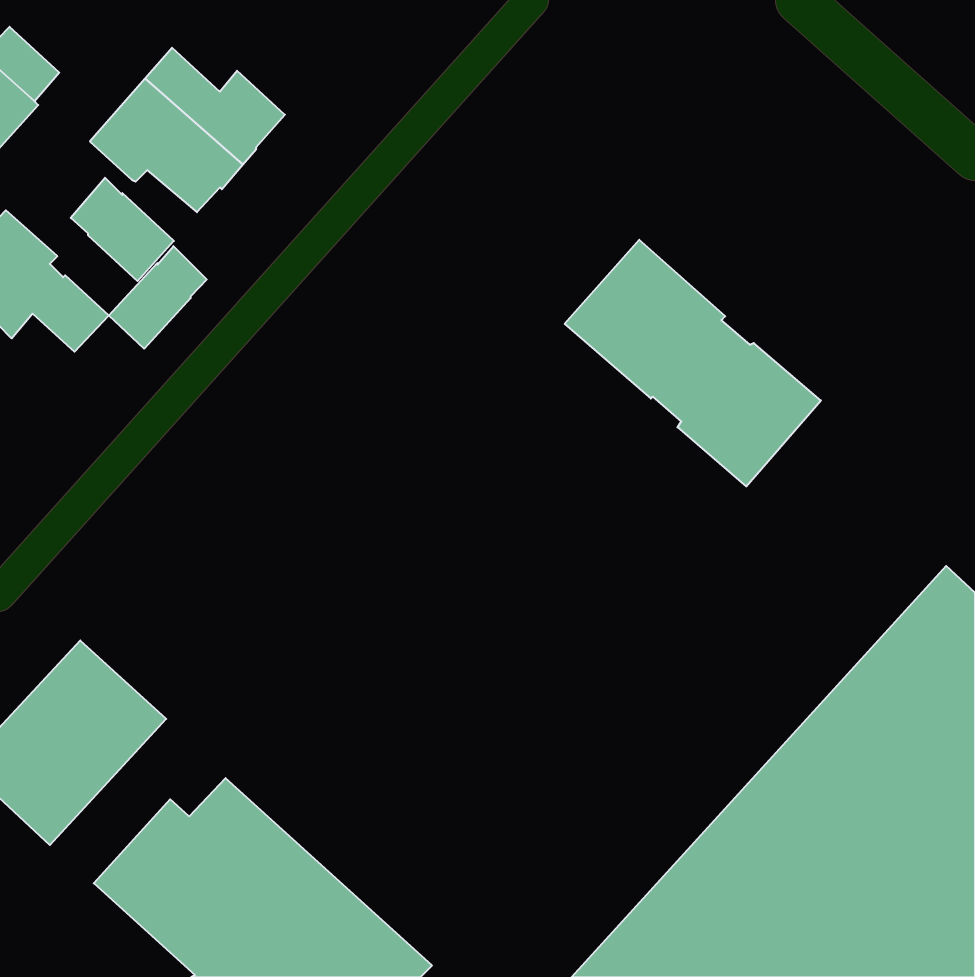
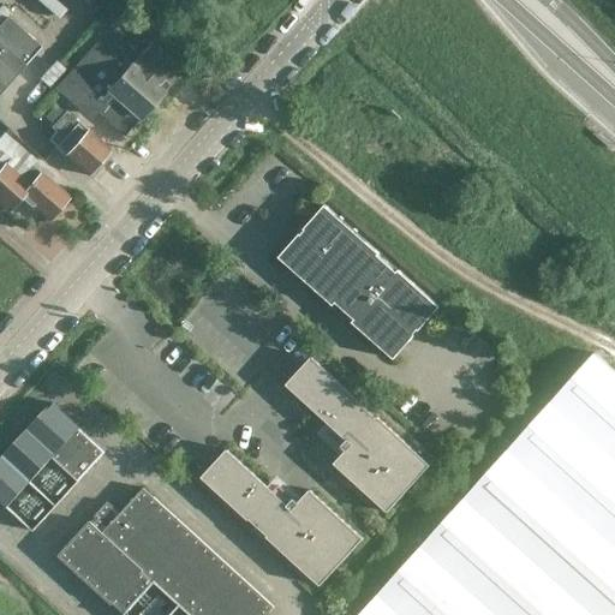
building: [565,240,821,486] -> [277,205,438,360]
building: [109,246,207,349] -> none
building: none -> [285,357,430,513]
building: none -> [201,449,363,586]

